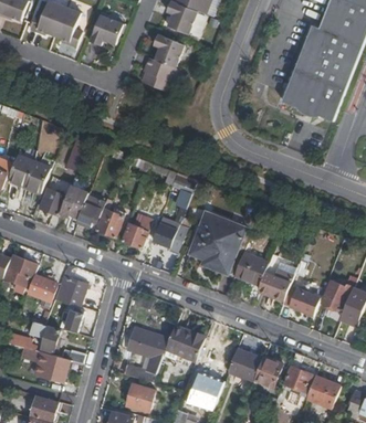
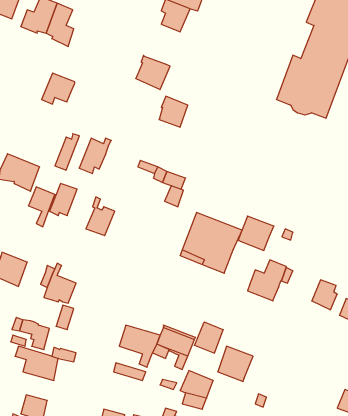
building: [87,23,121,54] -> [42,73,75,104]
building: [154,34,182,65] -> [159,96,188,127]
building: [75,191,107,226] -> [79,138,111,174]
building: [121,219,149,247] -> none
building: [151,222,184,254] -> none
building: [233,251,269,285] -> [238,216,274,250]
building: [28,274,53,308] -> none
building: [282,287,314,313] -> none
building: [283,351,311,394] -> none
building: [253,356,282,387] -> [194,322,223,353]
building: [306,374,341,408] -> none
building: [126,382,155,411] -> none

